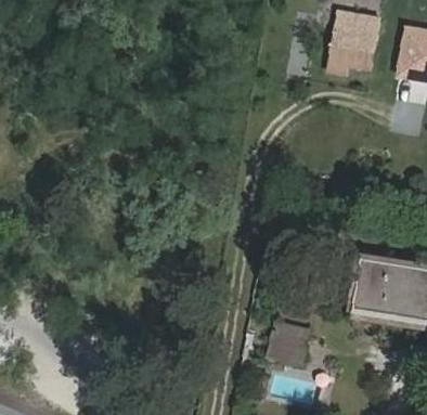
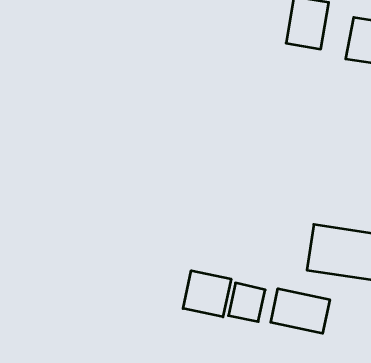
building: none -> [183,271,231,317]
building: none -> [271,289,330,333]

